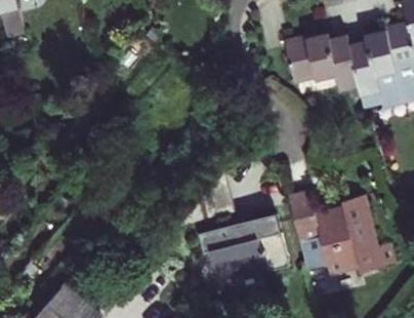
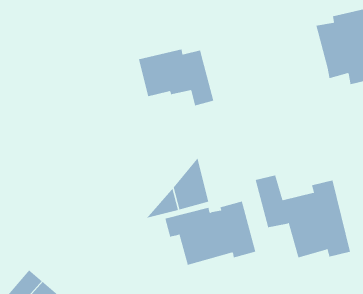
building: [282,36,357,92] -> [138,49,214,106]

